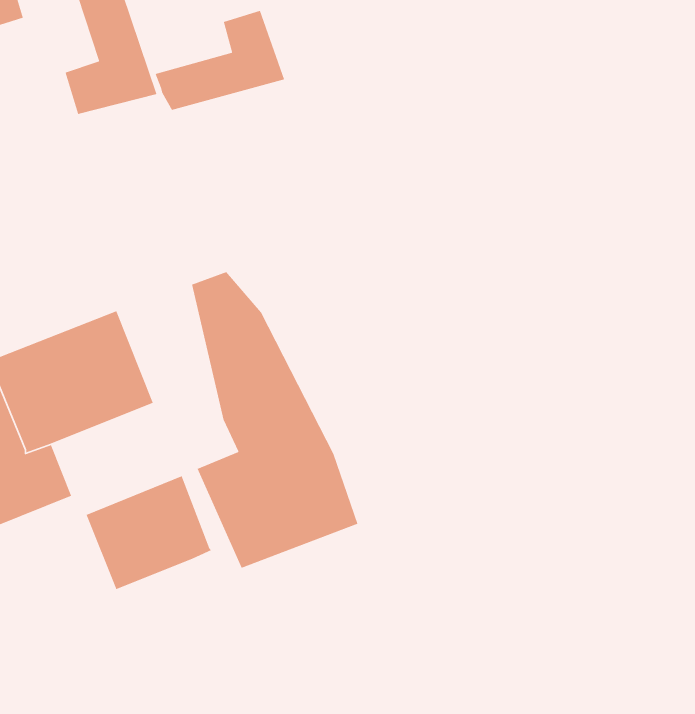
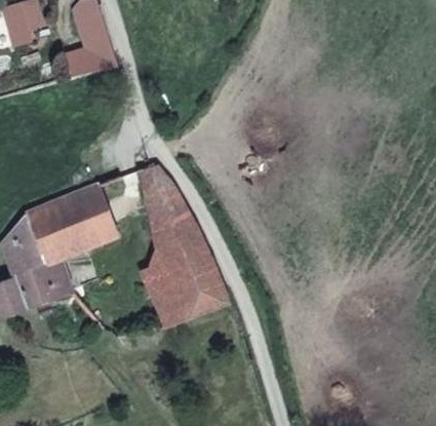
building: [155,10,285,111] -> none
building: [86,475,212,590] -> none

